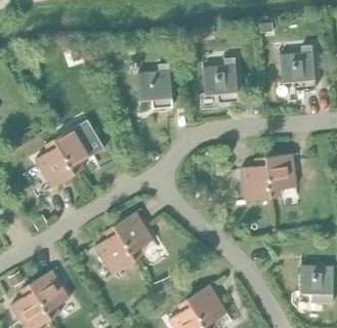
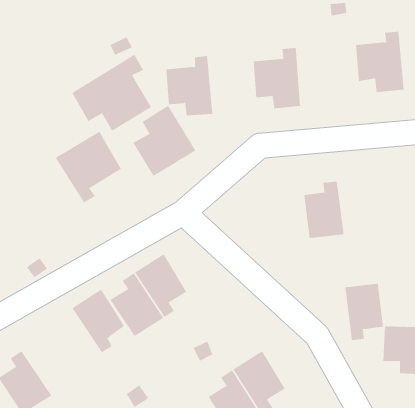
building: none -> [71,54,152,132]
building: none -> [132,105,196,177]
building: [35,139,75,188] -> none
building: [265,154,295,197] -> [344,283,384,340]
building: [29,270,69,318] -> [71,289,125,353]

